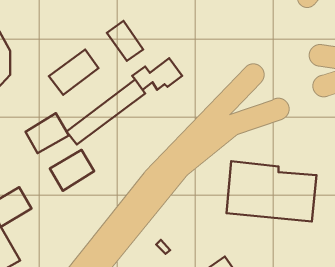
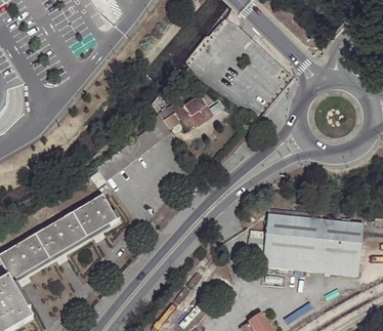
building: [107,21,143,61] -> none
building: [49,50,98,95] -> none
building: [25,113,69,153] -> [32,217,80,261]

